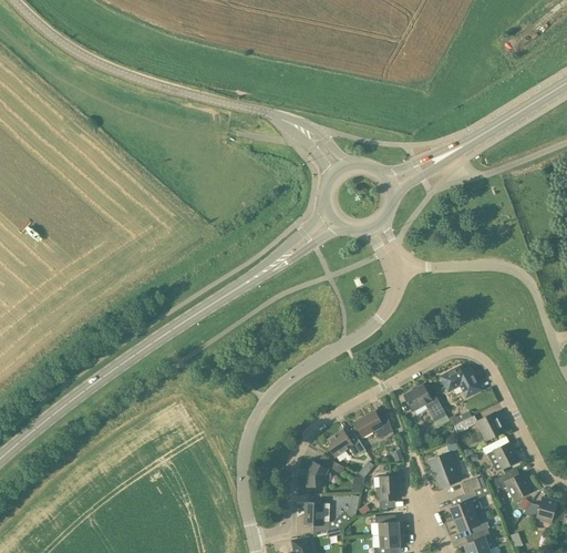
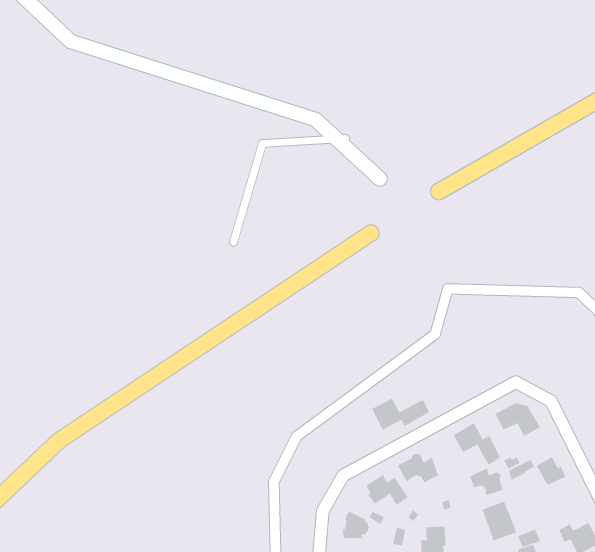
building: none -> [371,398,429,431]
building: none -> [469,468,504,496]
building: [482,442,517,470] -> none

